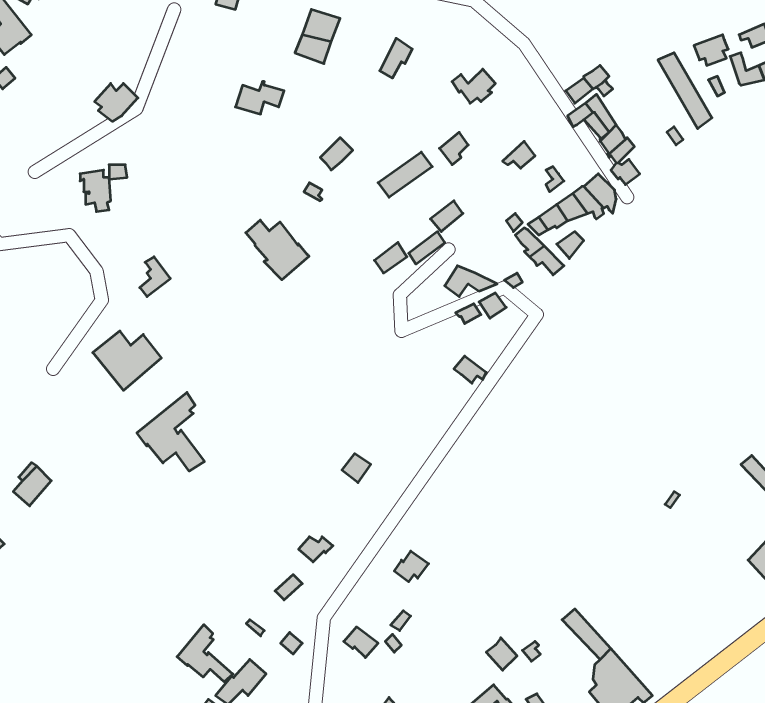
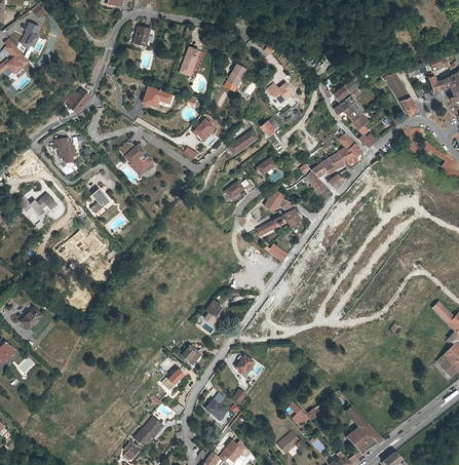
building: [246,220,309,280] -> [118,143,154,177]
building: none -> [18,193,58,219]
building: [137,392,204,471] -> none
building: [177,625,233,682] -> none

